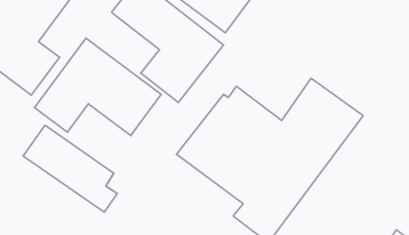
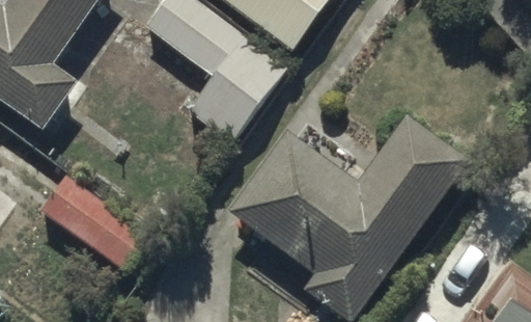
building: [34,38,161,136] -> none

